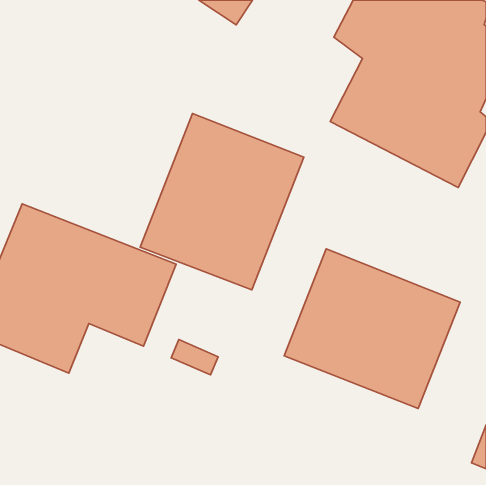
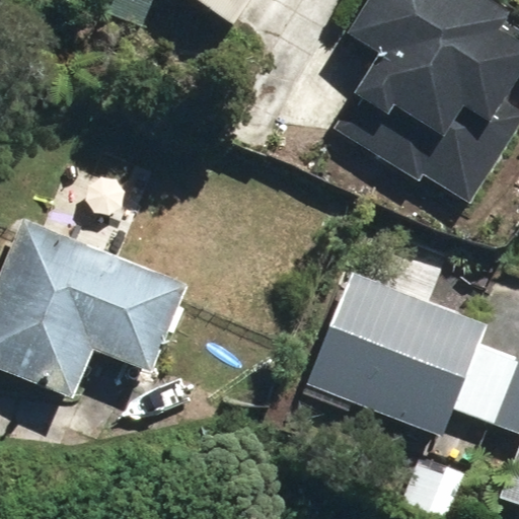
building: [140,113,304,290] -> none

